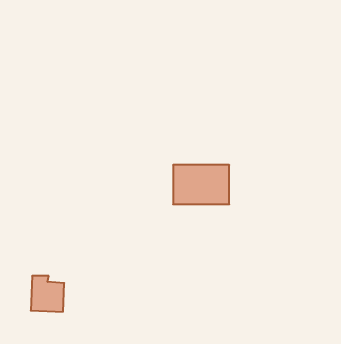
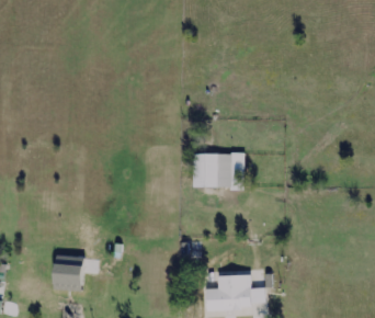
building: none -> [204,274,263,310]

